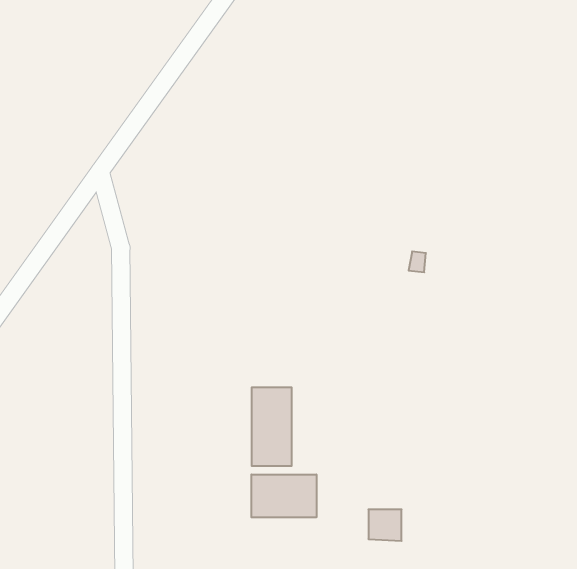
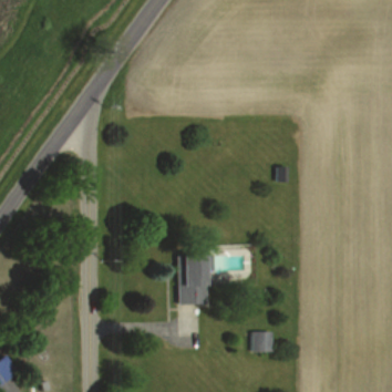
building: [251,474,316,517] -> none

